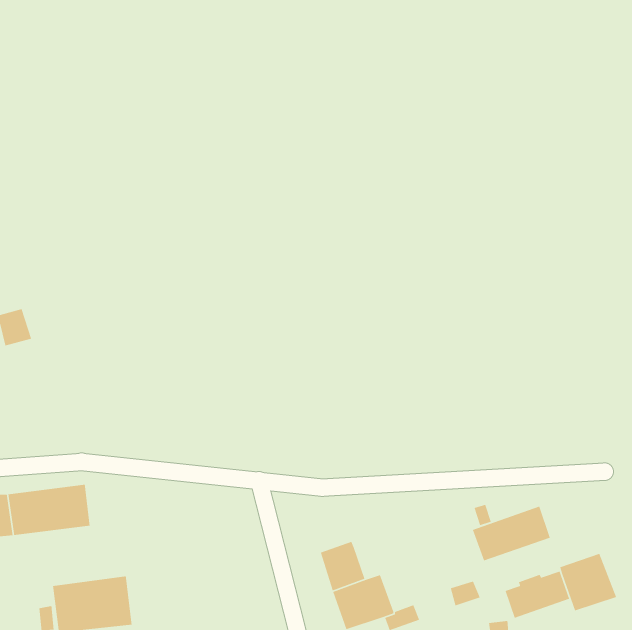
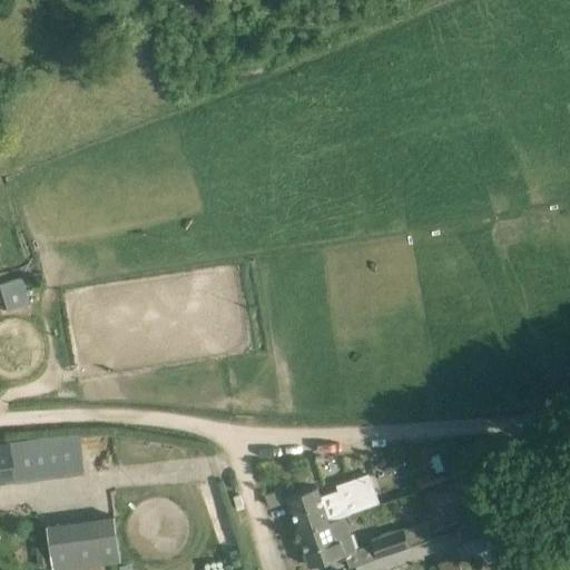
building: [472,505,551,562] -> none
building: none -> [318,472,380,523]
building: [559,553,617,612] -> none
building: none -> [371,530,410,560]

